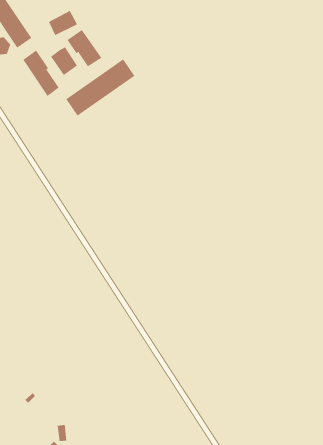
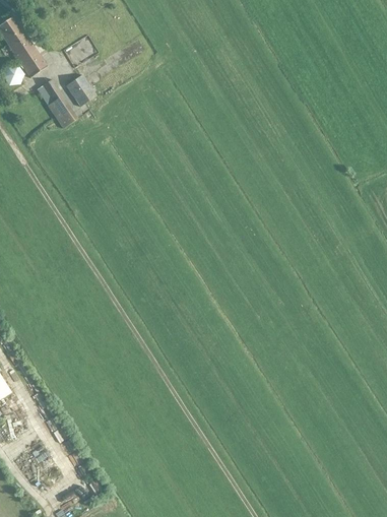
building: [67,29,102,67] -> none
building: [66,59,135,116] -> none

